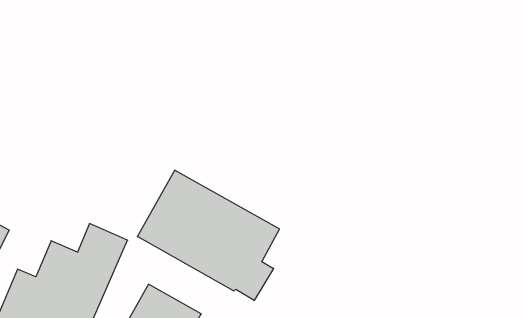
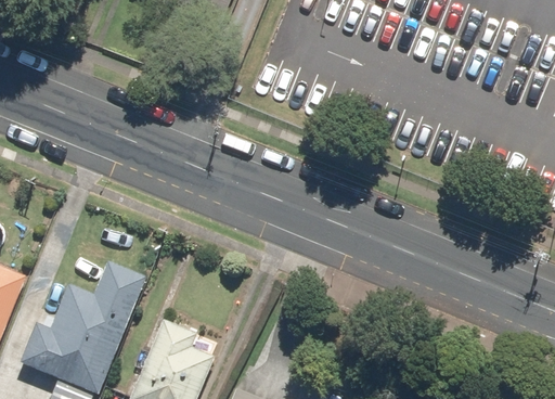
building: [137,170,279,301] -> none

